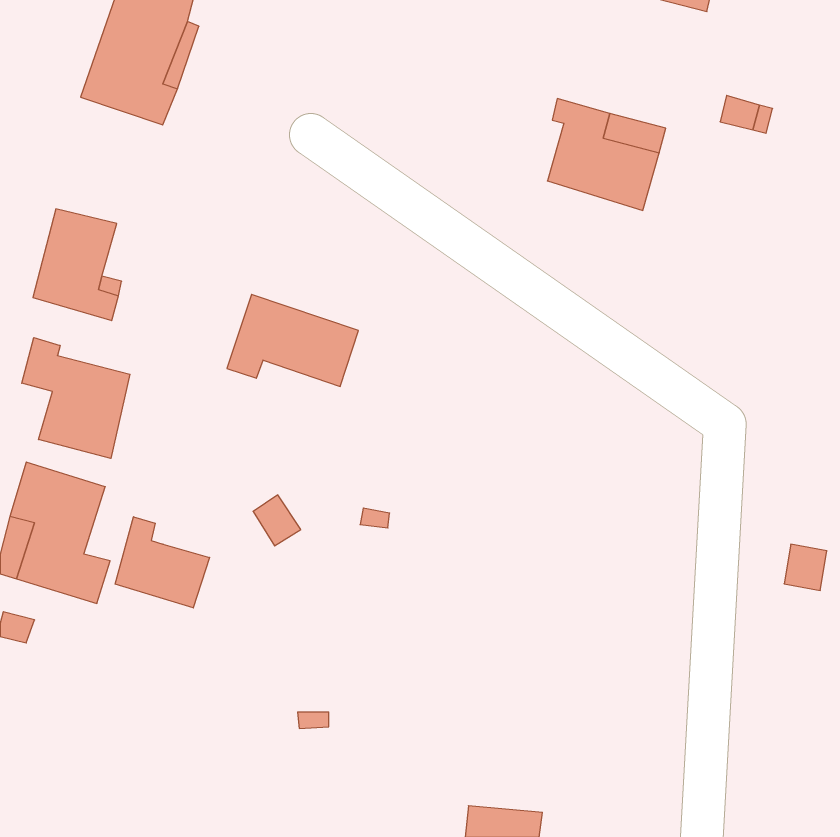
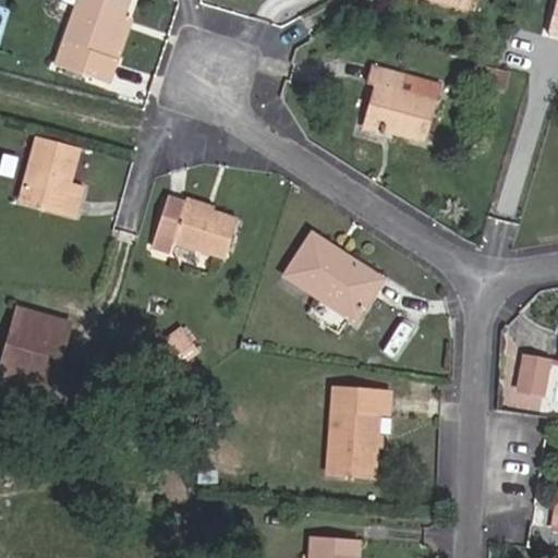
building: [22,338,130,458] -> none
building: none -> [286,236,383,318]
building: [115,517,210,608] -> none
building: none -> [328,388,391,476]

